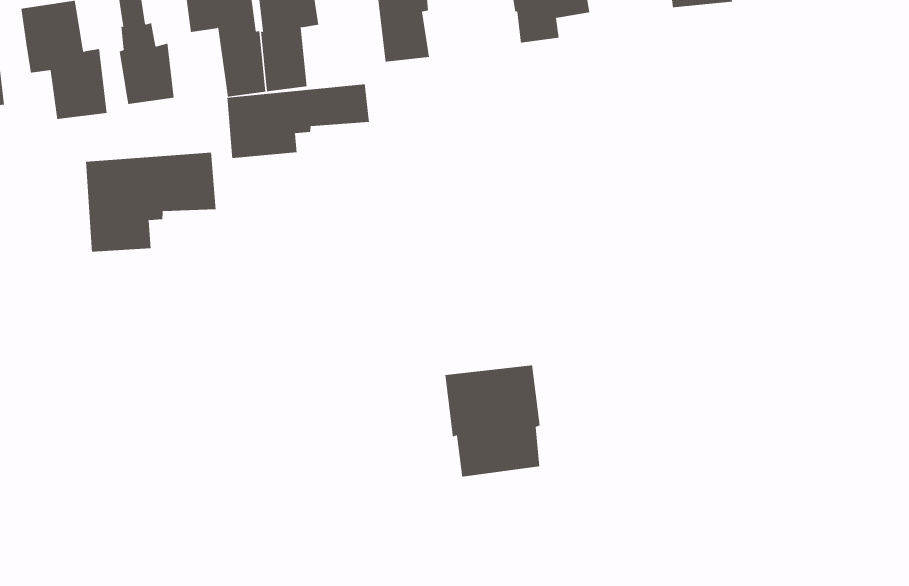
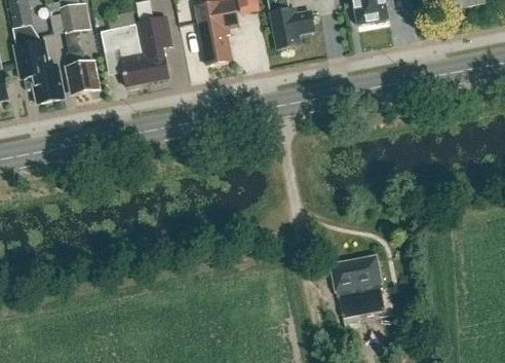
building: [227,83,369,159] -> none
building: [86,152,216,253] -> none
building: [445,365,541,477] -> [331,255,384,317]

